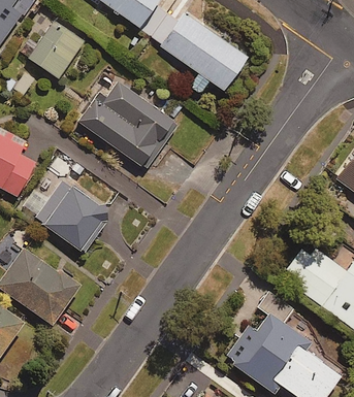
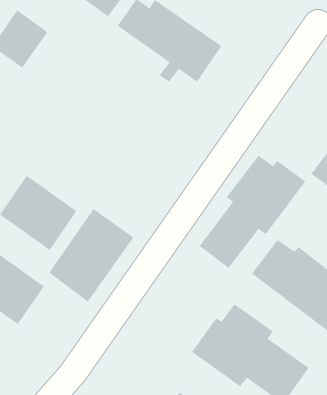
building: [81,84,178,171] -> none
building: none -> [199,155,306,269]
building: none -> [48,208,134,302]

